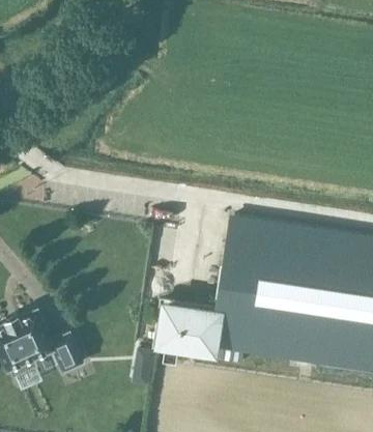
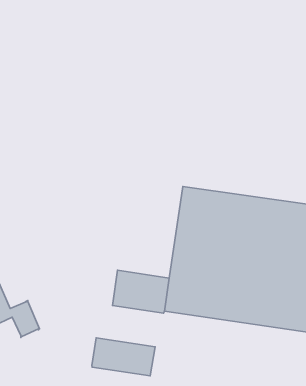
building: none -> [92,338,155,376]

